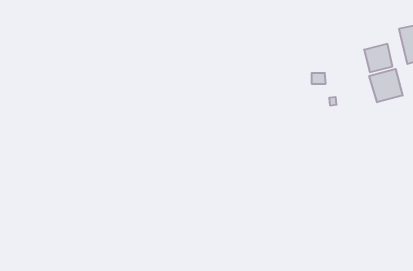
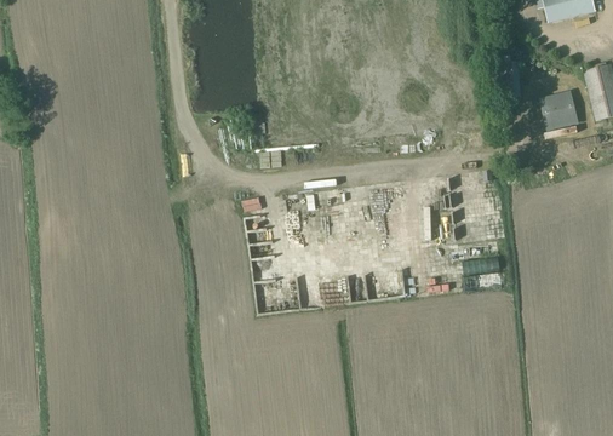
building: [369,69,403,102] -> none

